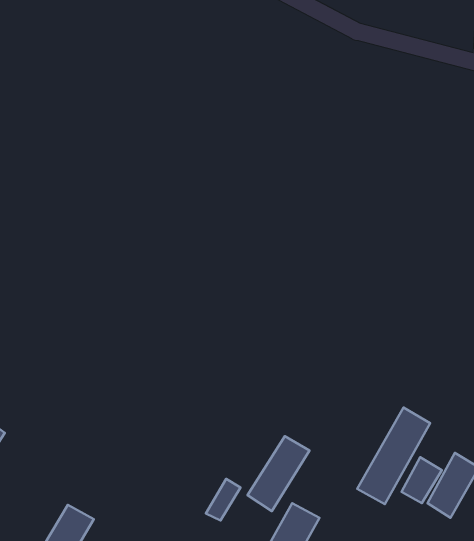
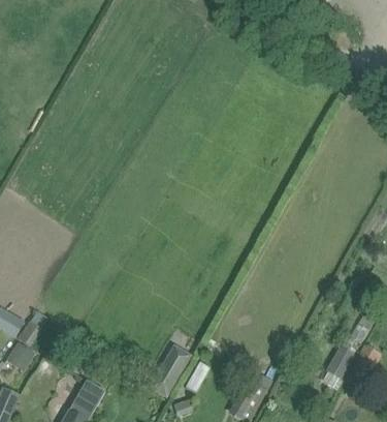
building: [357,407,430,504] -> none
building: [248,436,309,511] -> [149,342,193,396]

